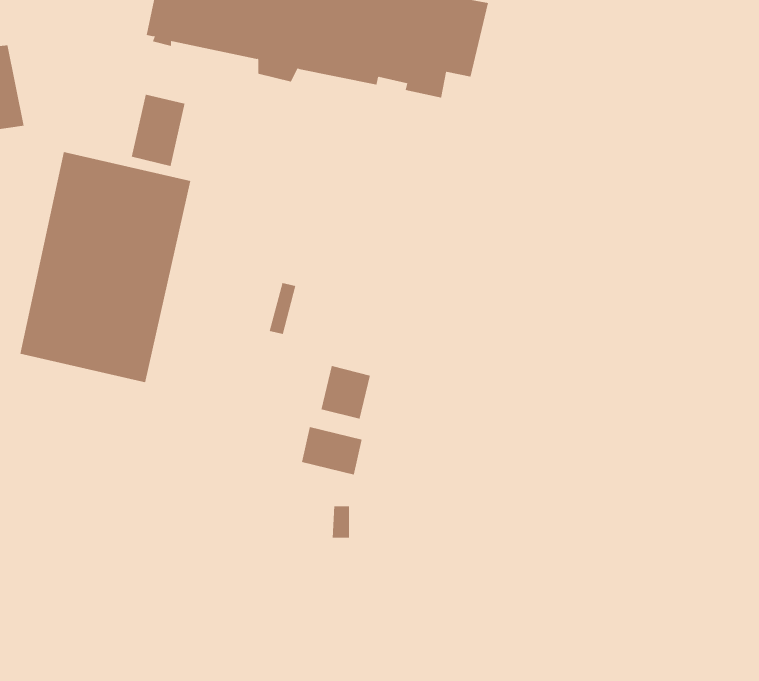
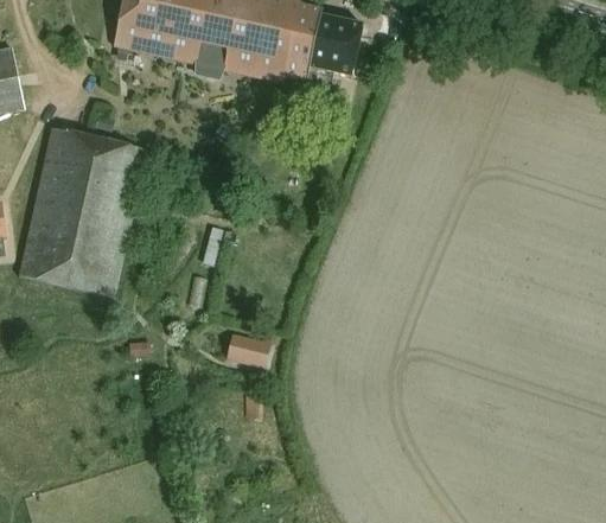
building: [131,94,185,167] -> none
building: [321,365,371,420] -> none

